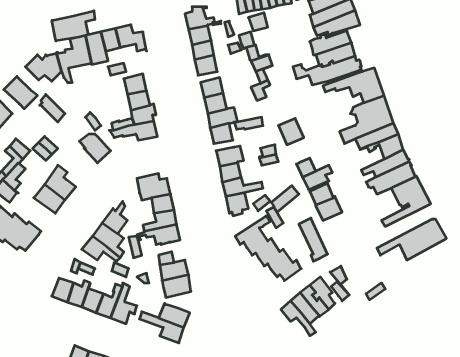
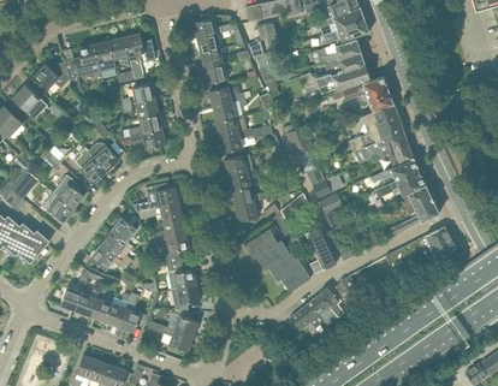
building: [52,11,95,41] -> none
building: none -> [73,148,106,183]

